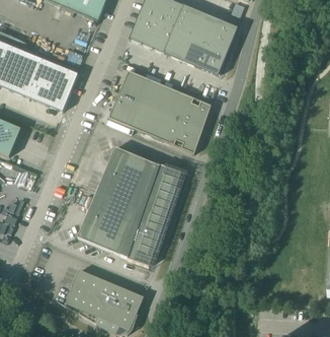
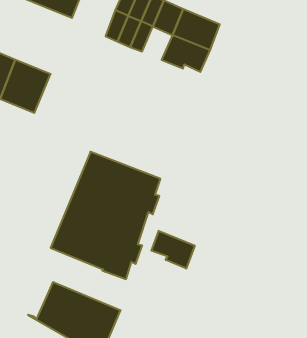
building: [165,29,193,61] -> none
building: [109,71,213,153] -> none
building: none -> [151,231,195,269]

